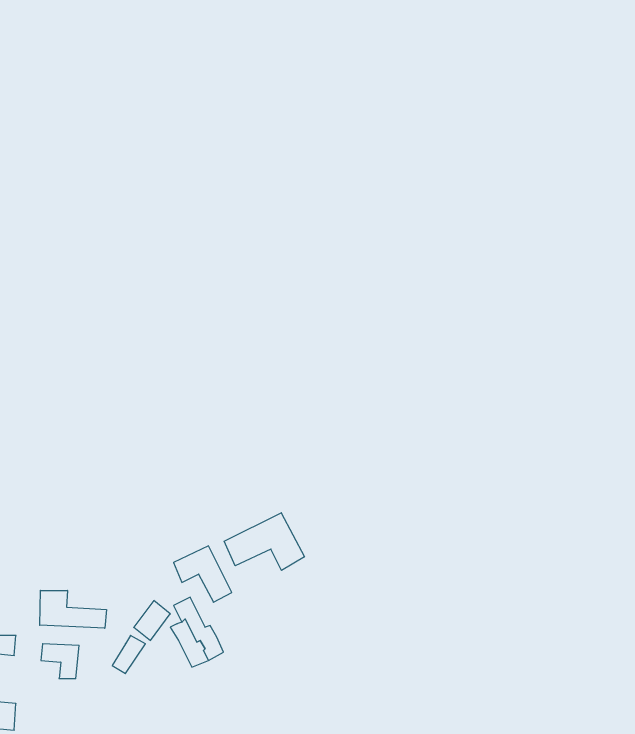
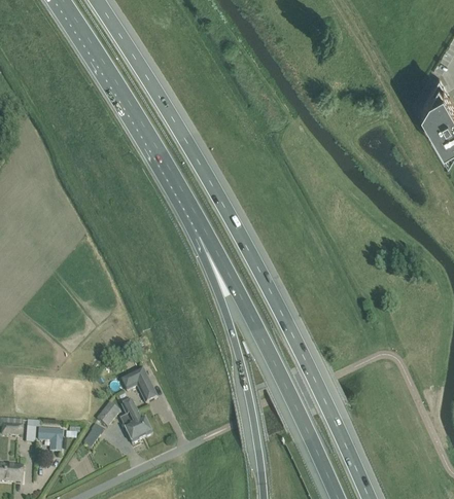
building: [224,513,304,570] -> none
building: [40,590,106,628] -> none

